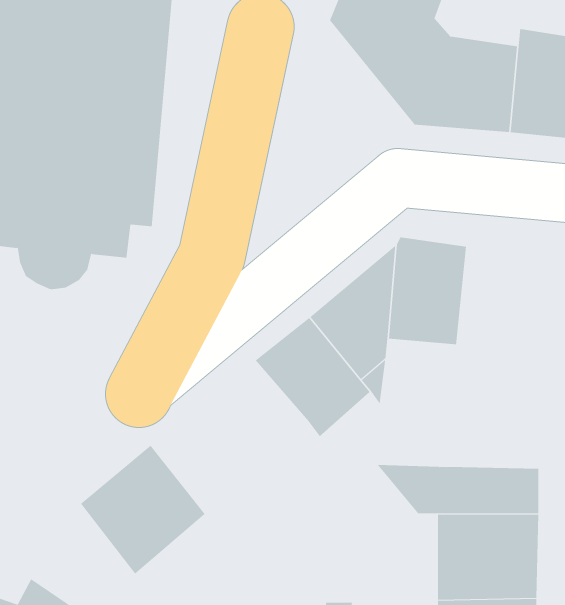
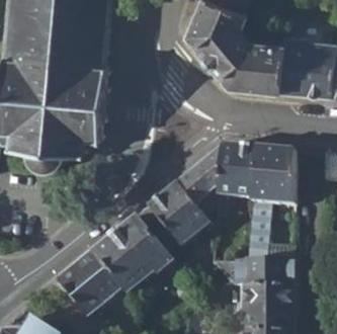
building: none -> [247,148,296,262]
building: none -> [94,206,175,291]

